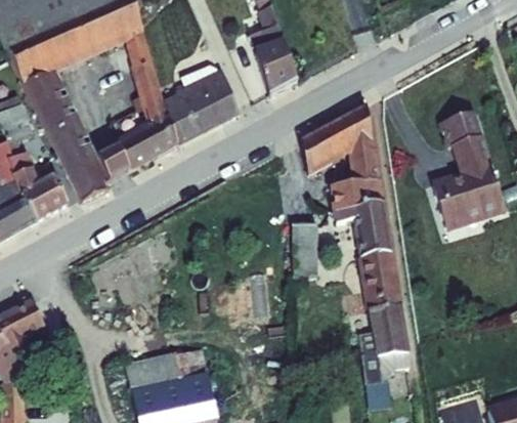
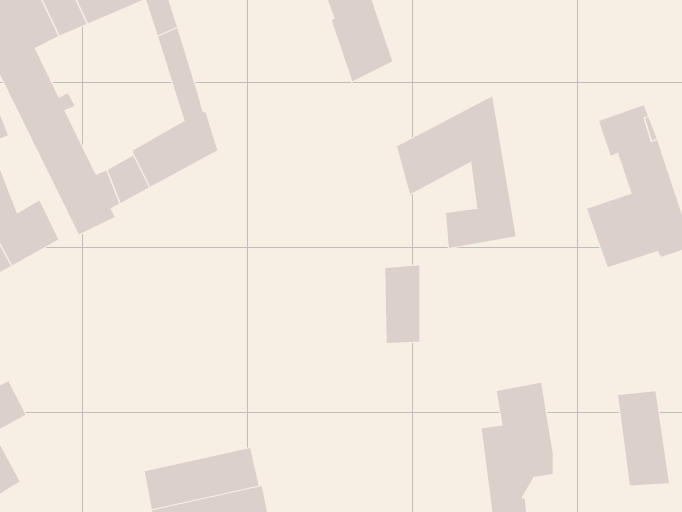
building: [164,65,238,142] -> none
building: [336,202,400,308] -> none
building: none -> [618,390,670,486]

